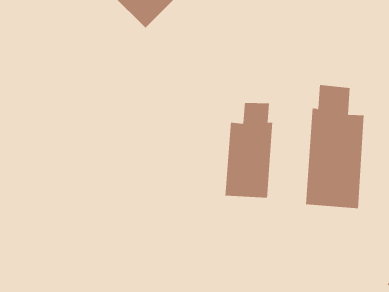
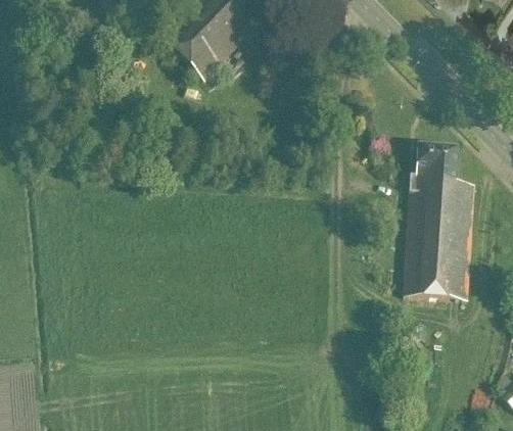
building: [225,102,273,199] -> none

